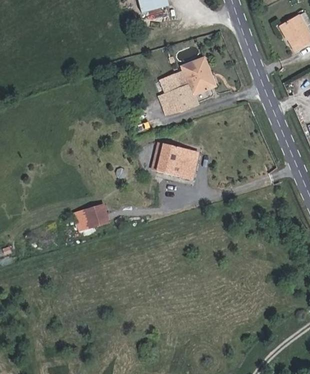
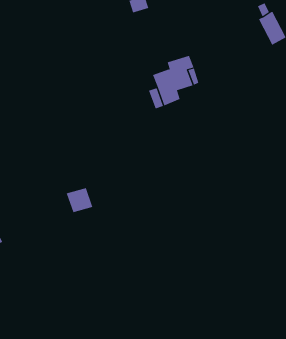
building: [155,137,204,174] -> none

